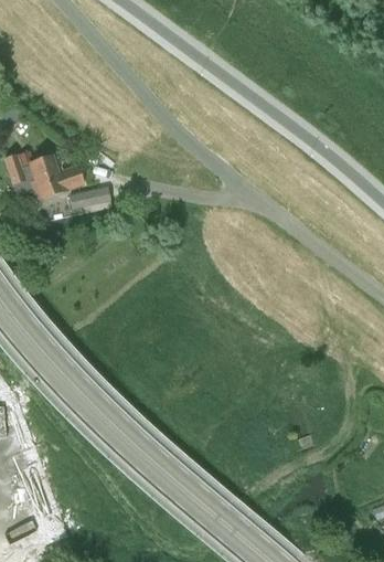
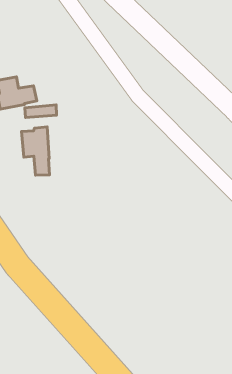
building: none -> [22,127,49,175]

